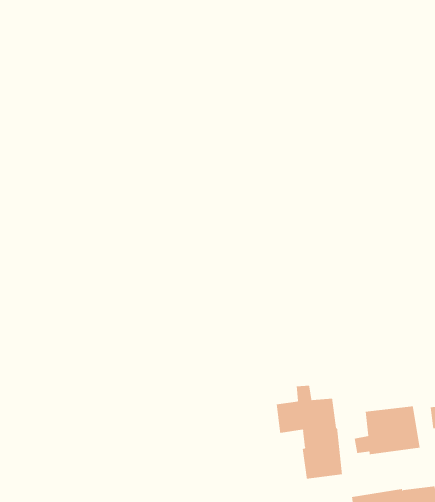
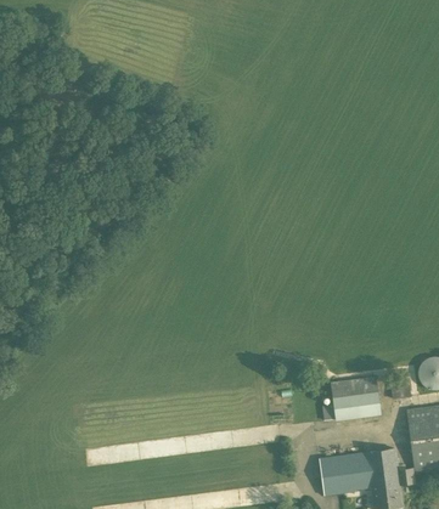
building: [276,385,342,479] -> none

